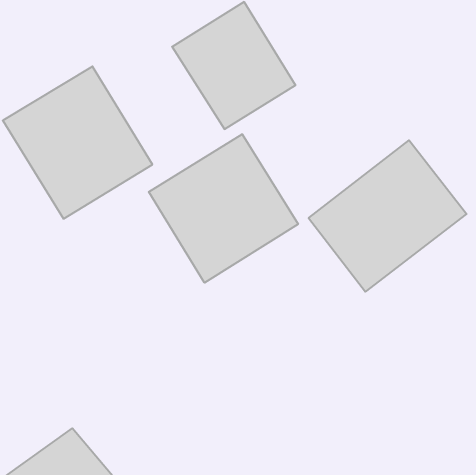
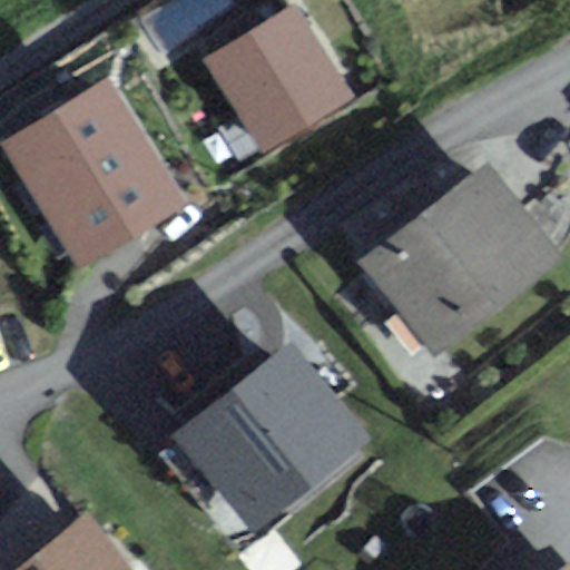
building: [149,134,298,283] -> none
building: none -> [174,342,368,533]

